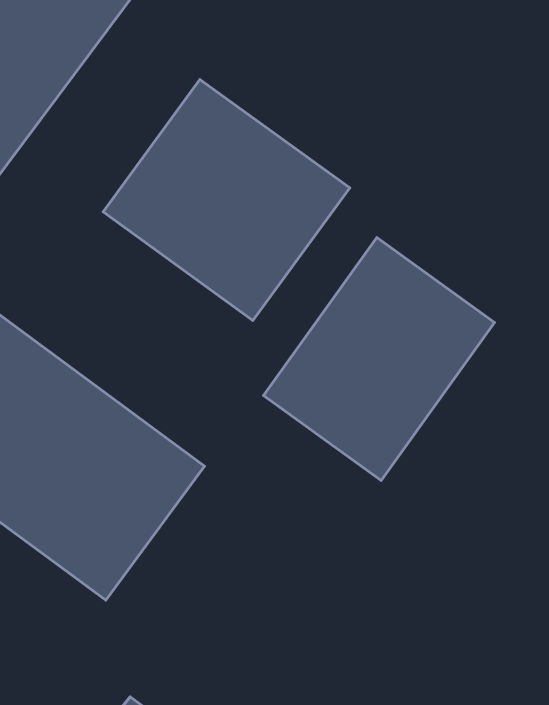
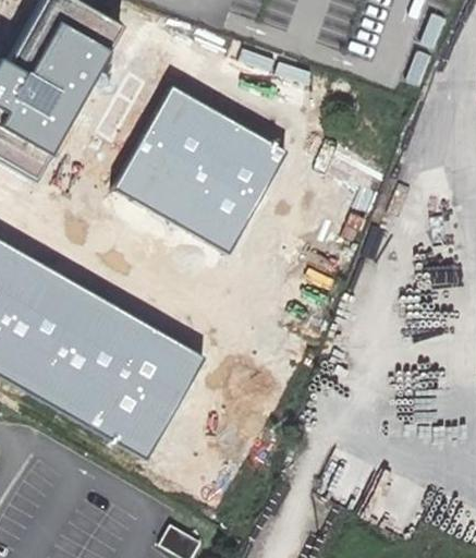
building: [263,237,495,481] -> none

